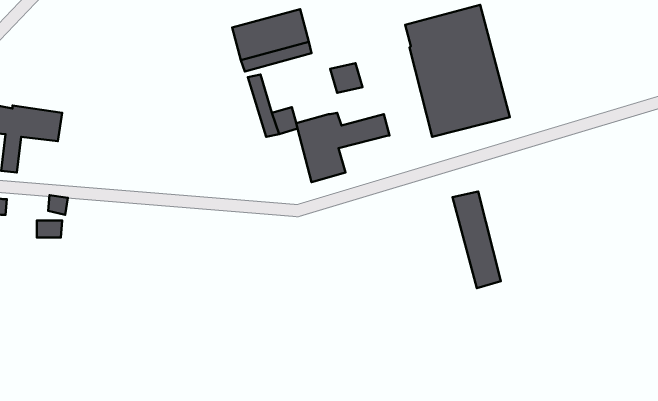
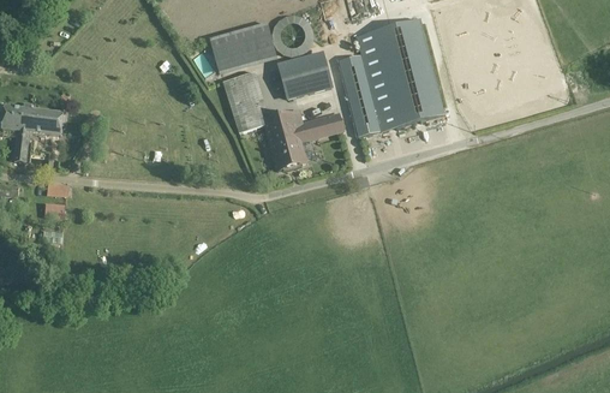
building: none -> [277,53,330,96]
building: none -> [233,71,259,109]
building: [453,192,501,288] -> [337,54,378,136]

